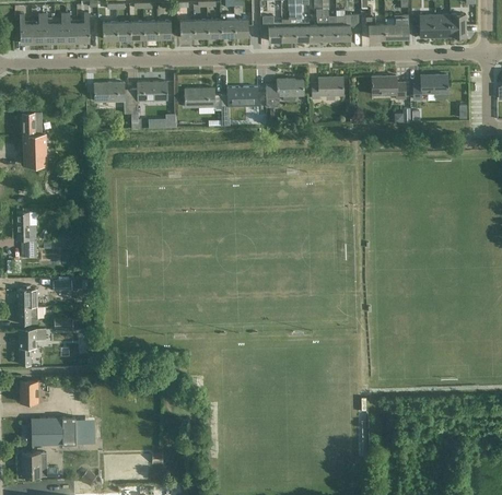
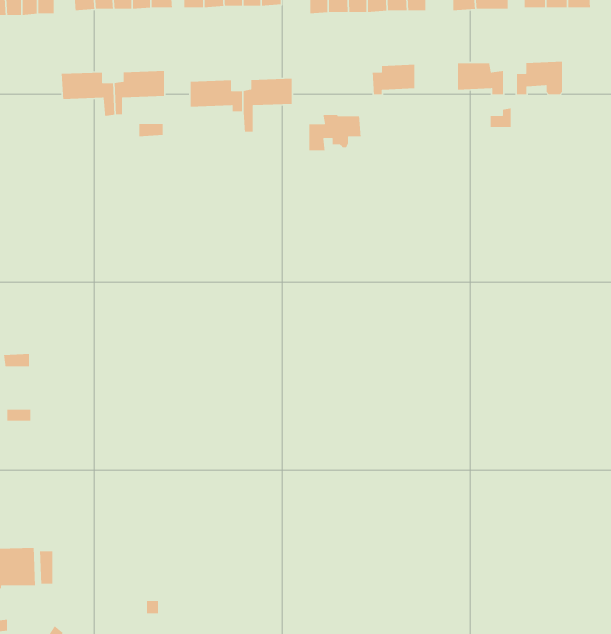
building: [266,79,303,105] -> [309,114,361,151]

